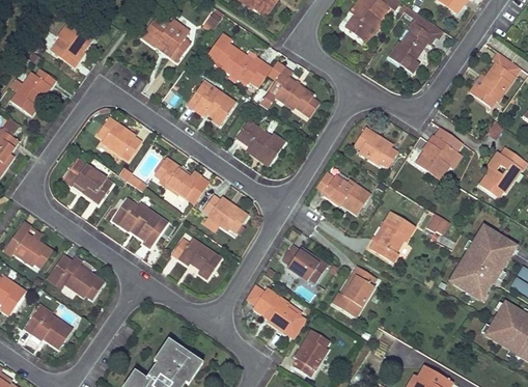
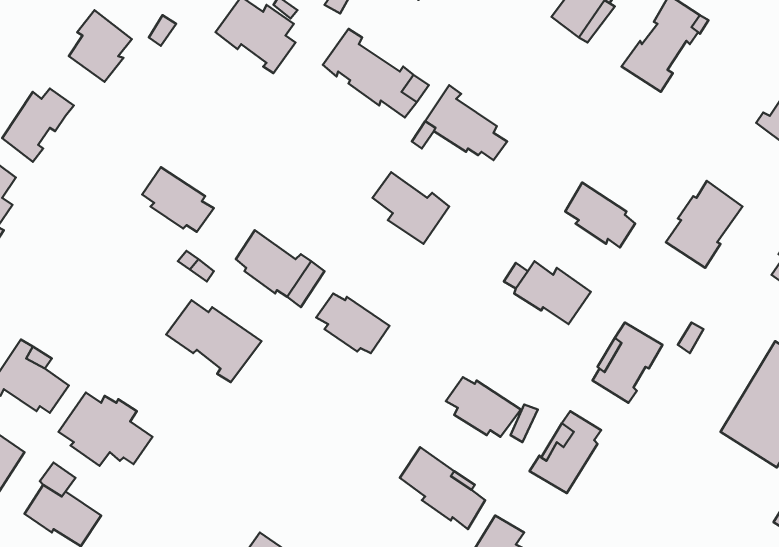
building: [187,83,234,125] -> none
building: [62,159,112,203] -> none
building: [172,237,221,278] -> none

